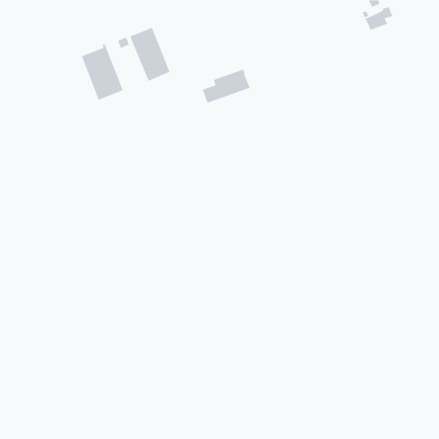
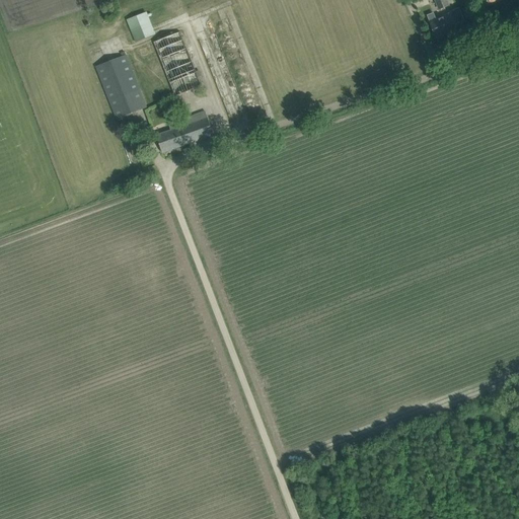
building: none -> [127,12,153,42]
building: [202,68,251,104] -> [155,110,213,152]

